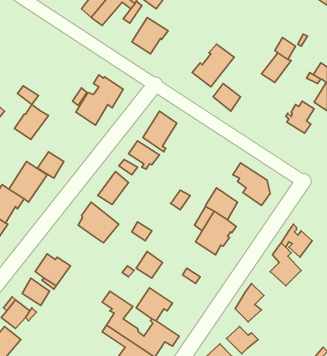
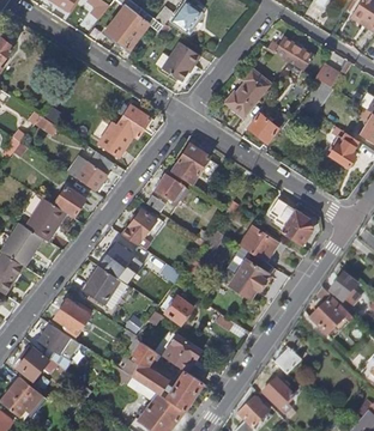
building: none -> [273,36,312,69]
building: [14,104,48,140] -> [77,151,114,189]
building: none -> [83,266,122,309]

